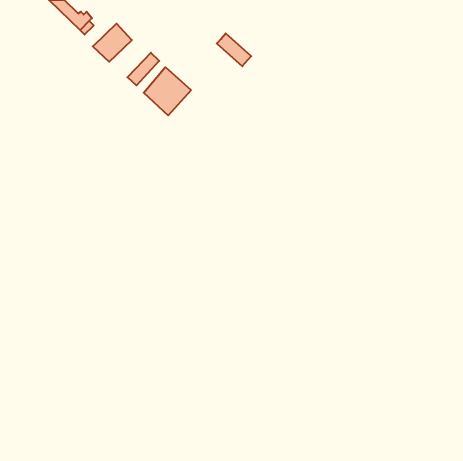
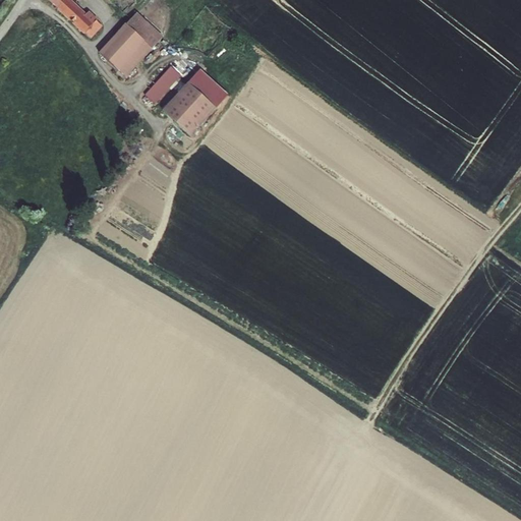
building: none -> [125,13,160,49]
building: [217,33,251,66] -> [187,68,226,105]

